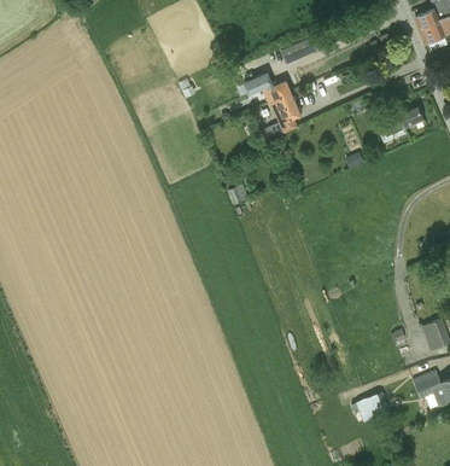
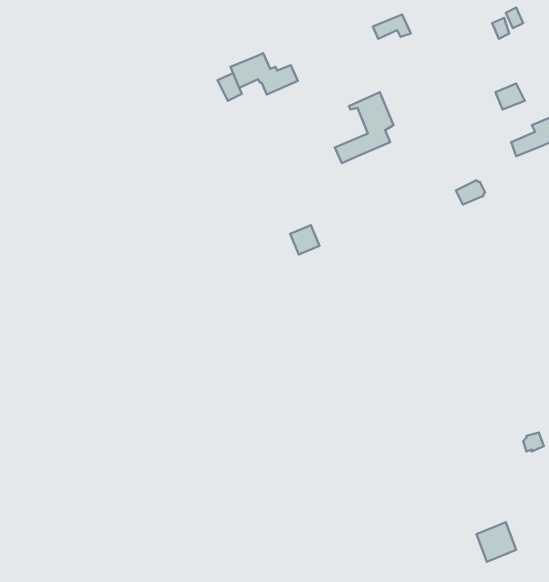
building: [244,72,291,101] -> [230,53,298,95]

